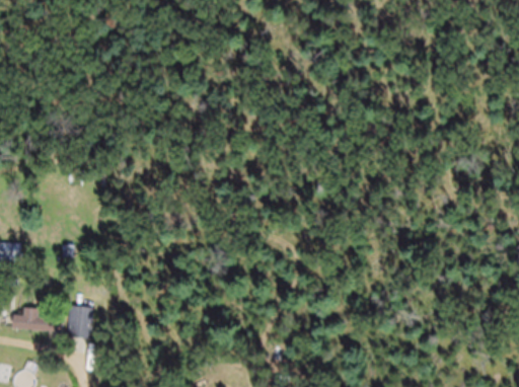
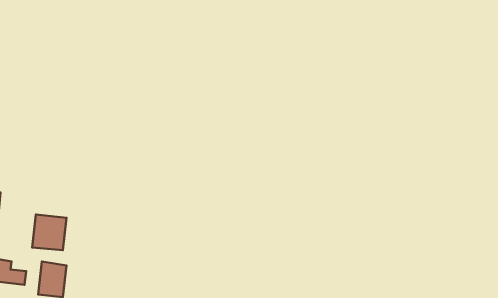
building: none -> [32,214,67,250]

